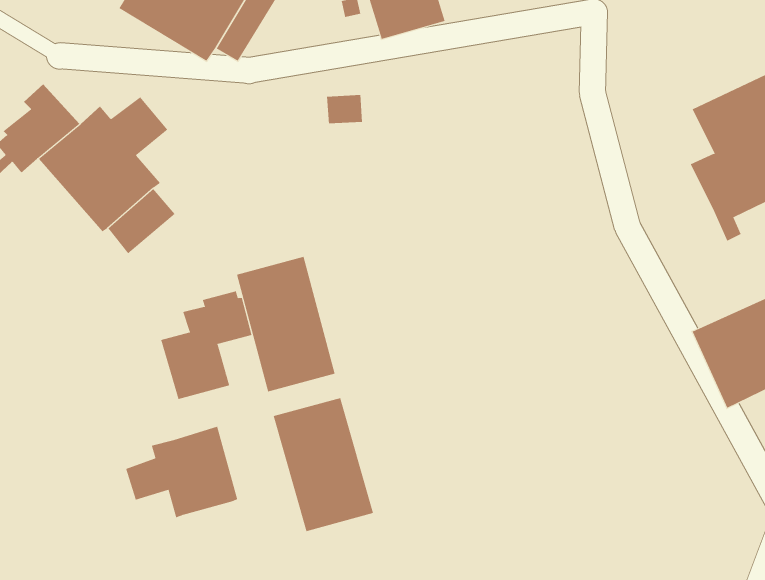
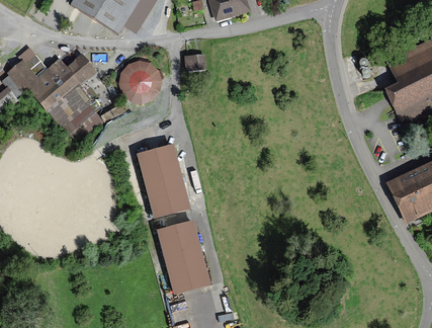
building: none -> [120,61,163,102]
building: [161,291,252,400] -> none
building: [126,426,238,518] -> none

